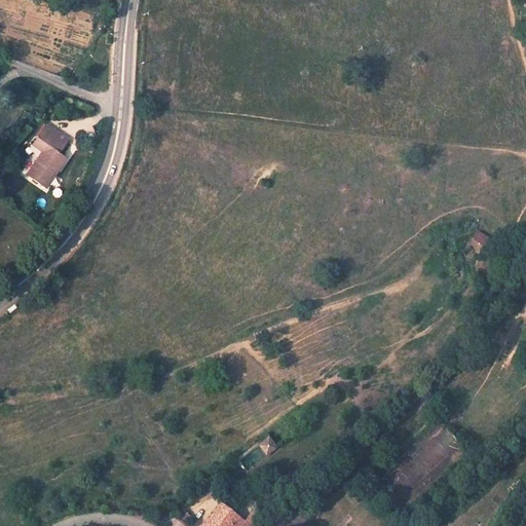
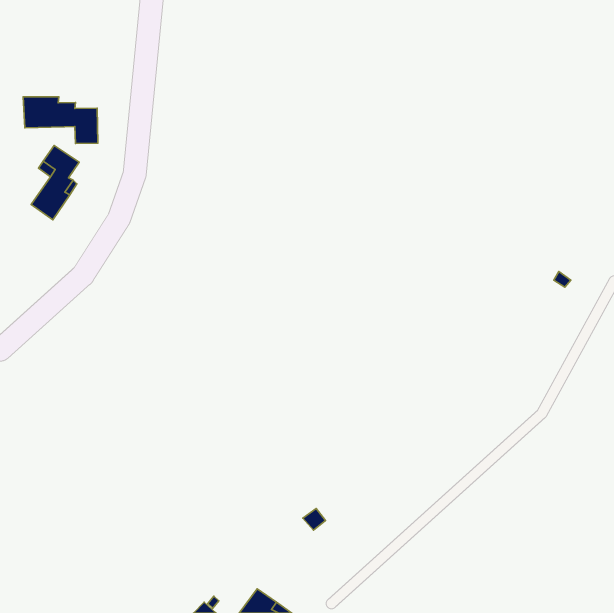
building: none -> [23,97,98,144]

